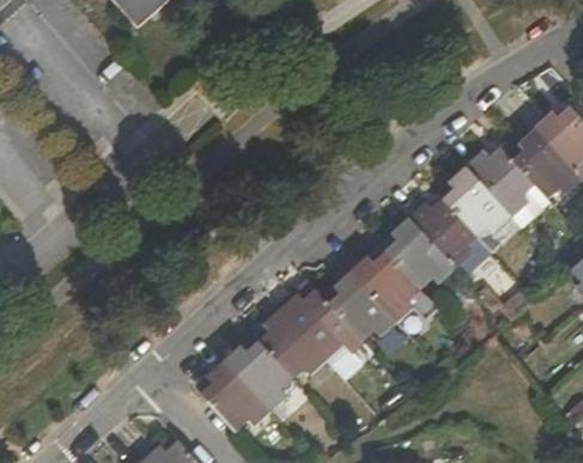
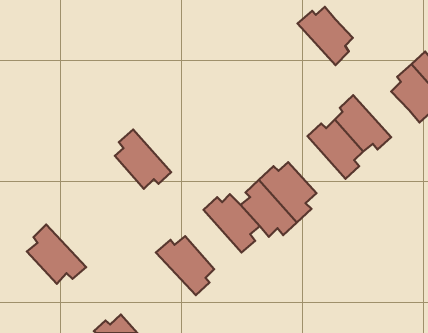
building: [466,146,534,218] -> [297,7,353,65]
building: [385,217,456,287] -> none
building: [259,307,328,380] -> [115,130,171,189]
building: [199,360,272,433] -> [27,224,86,284]

